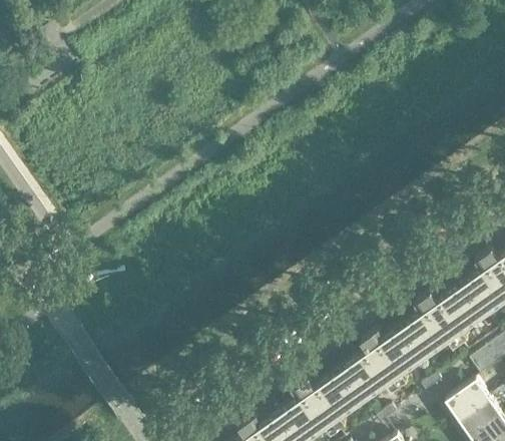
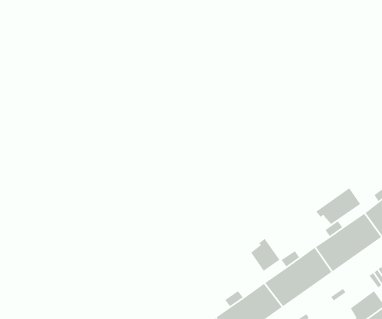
building: none -> [315,187,361,225]
building: none -> [250,238,280,272]

